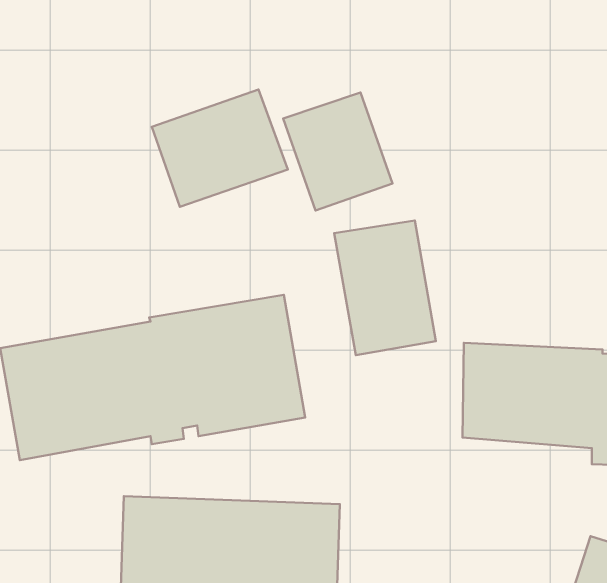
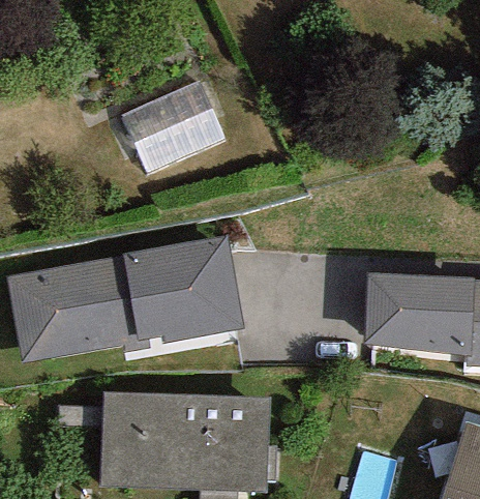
building: [283,93,392,210] -> none
building: [334,221,436,355] -> none

